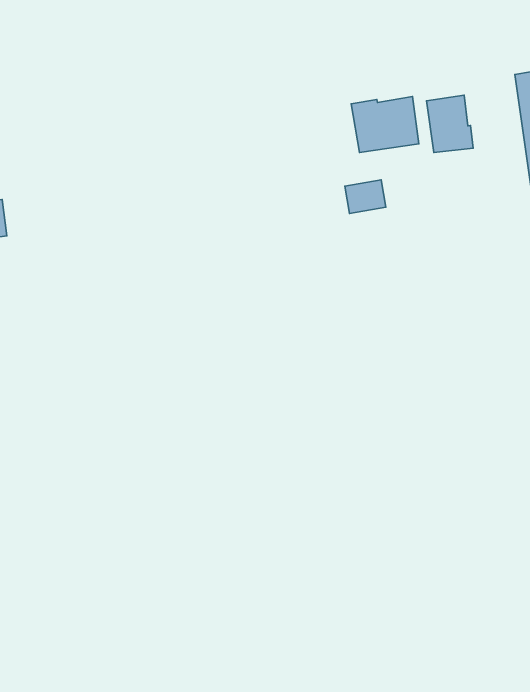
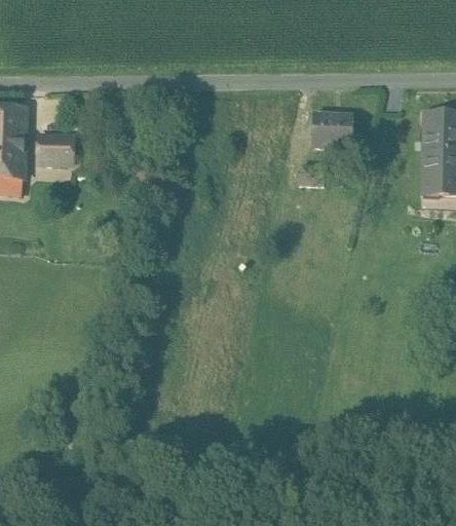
building: [426,95,473,153] -> none

